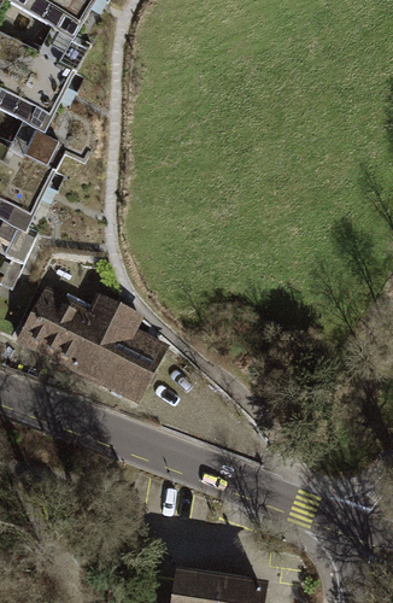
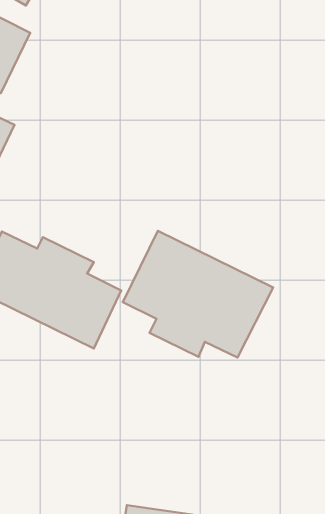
building: none -> [123,231,273,358]

